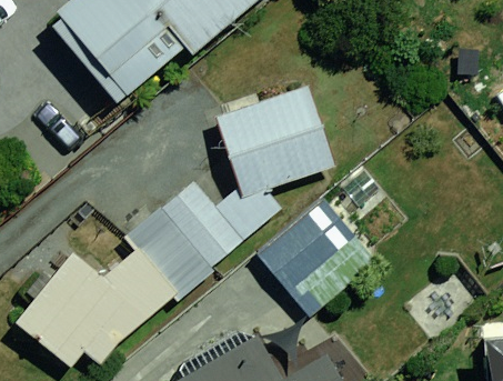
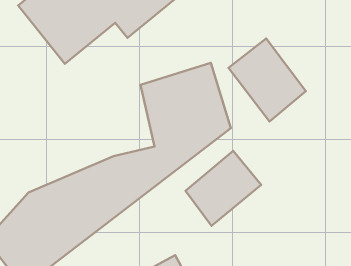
building: none -> [228,39,306,122]

